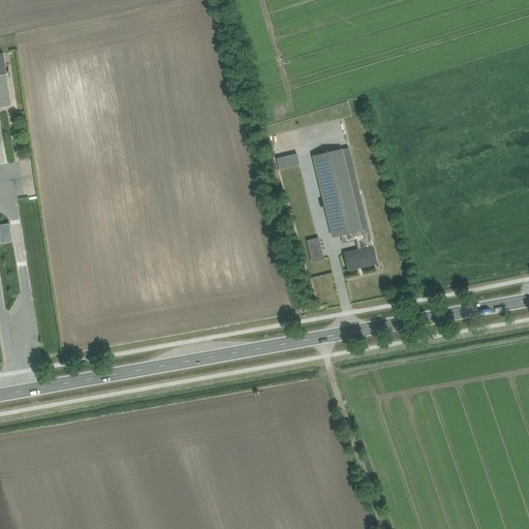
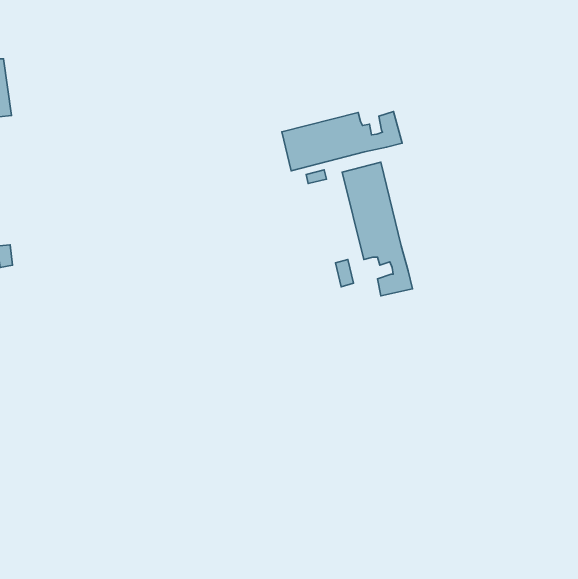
building: none -> [282,112,402,171]

